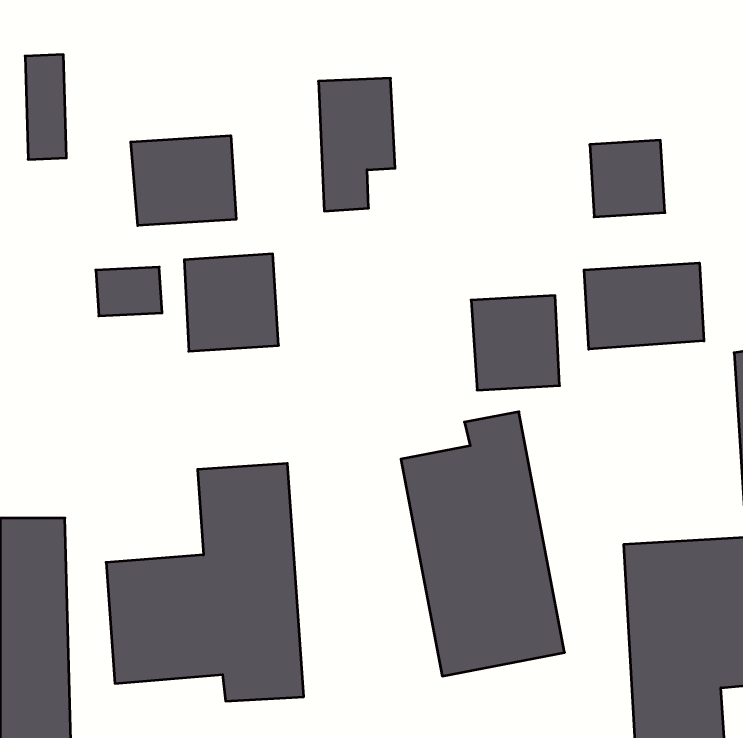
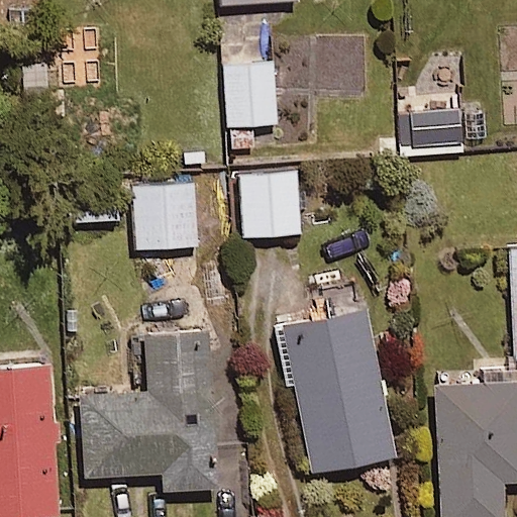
building: [131,136,236,226] -> none
building: [584,263,704,349] -> none
building: [471,296,560,390] -> [239,174,300,238]

